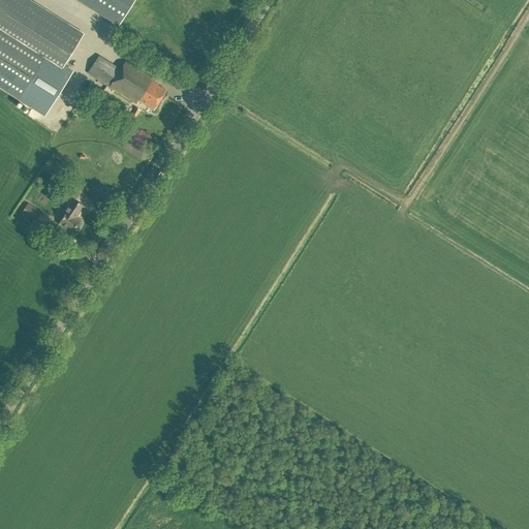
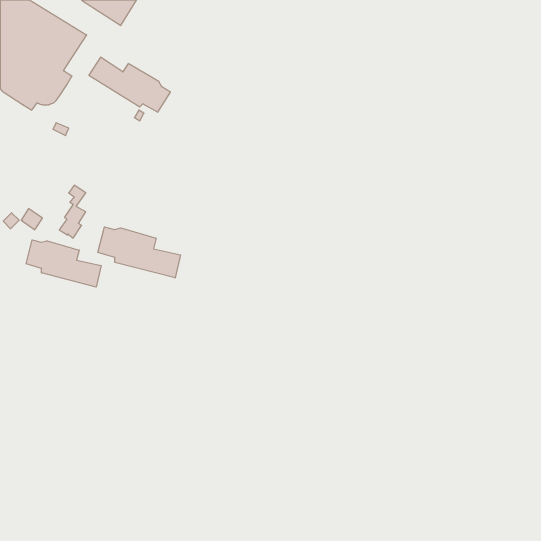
building: none -> [98,227,181,278]
building: none -> [26,240,101,287]

